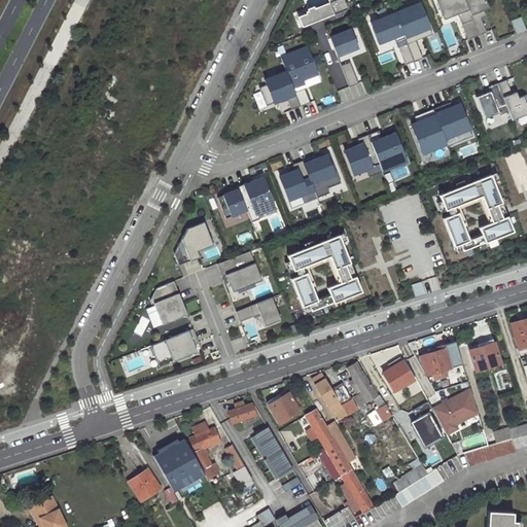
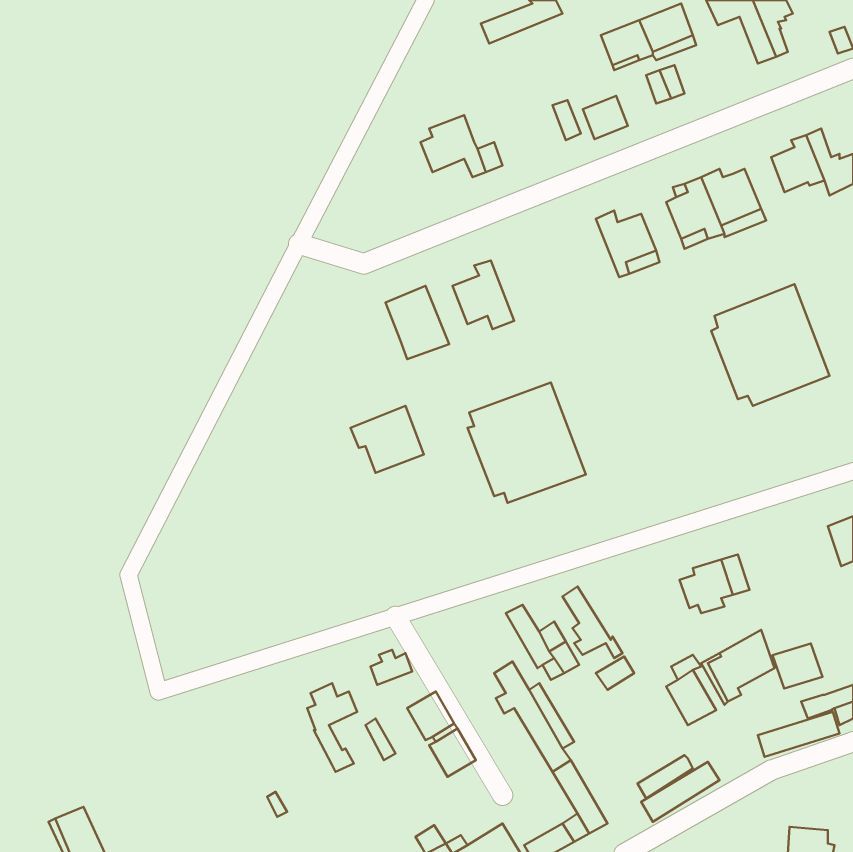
building: [329,30,357,57] -> [583,96,628,139]
building: [281,48,316,89] -> none
building: [344,136,382,177] -> none
building: [303,154,341,199] -> none
building: [218,187,247,218] -> none
building: [174,222,213,266] -> none
building: [149,282,187,325] -> none
building: [236,298,280,327] -> none
building: [150,329,197,366] -> none
building: [469,343,500,371] -> [772,643,823,689]
building: [383,361,414,391] -> none
building: [268,392,301,426] -> none
building: [153,437,205,492] -> none
building: [130,469,161,500] -> none

